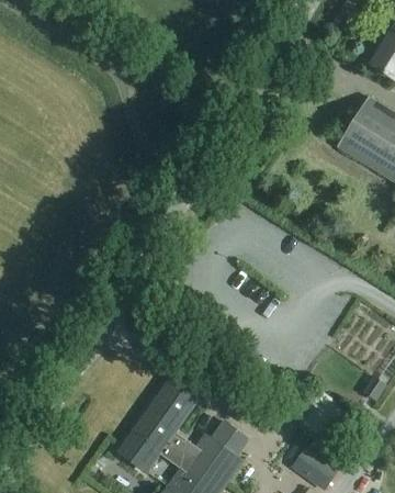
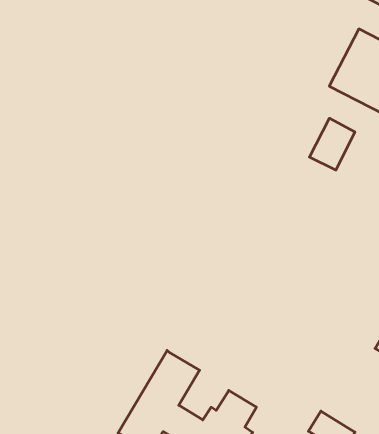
building: none -> [309,118,355,170]

